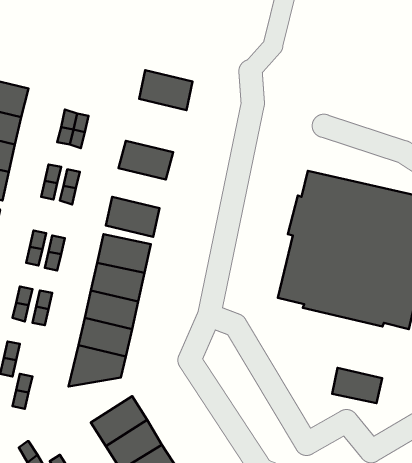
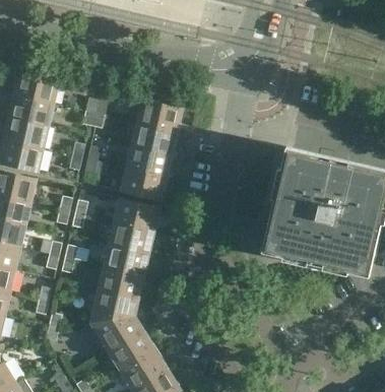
building: [139,70,193,110] -> [138,100,182,132]
building: none -> [127,145,171,178]
building: [332,368,382,403] -> none
building: none -> [91,316,143,352]

